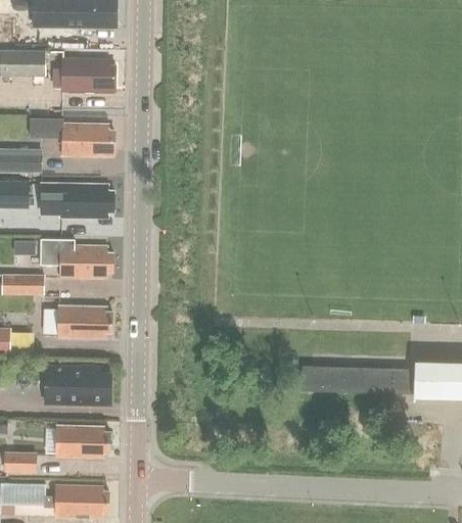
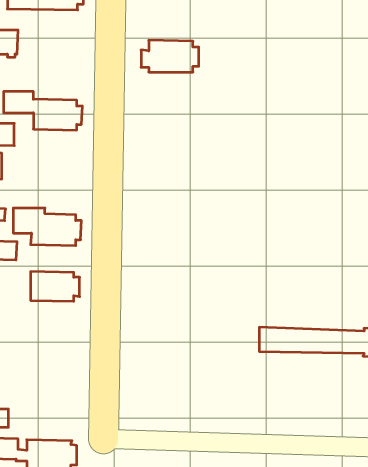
building: [53,57,114,91] -> [141,40,199,72]
building: [39,184,112,219] -> none
building: [44,365,110,403] -> none
building: [55,424,109,458] -> none

